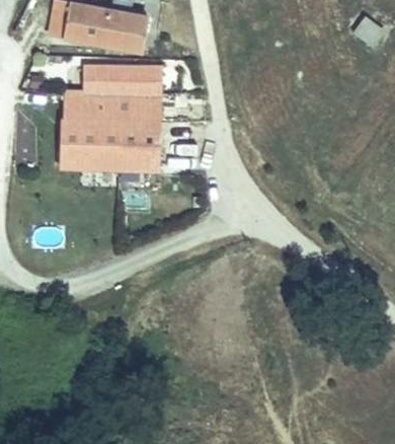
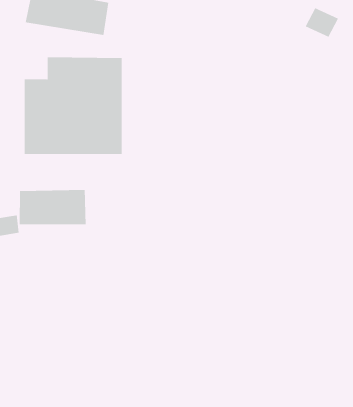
building: none -> [19,189,86,225]

